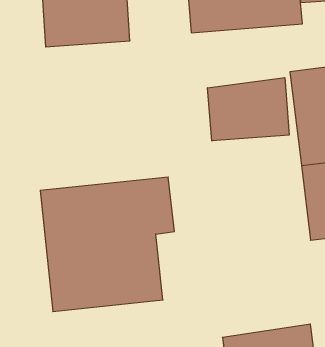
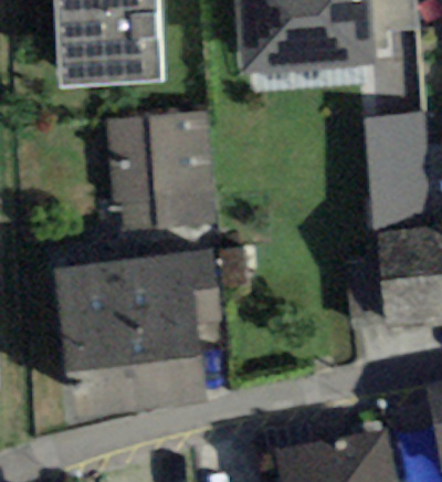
building: none -> [106,111,214,228]
building: [208,78,289,141] -> none

